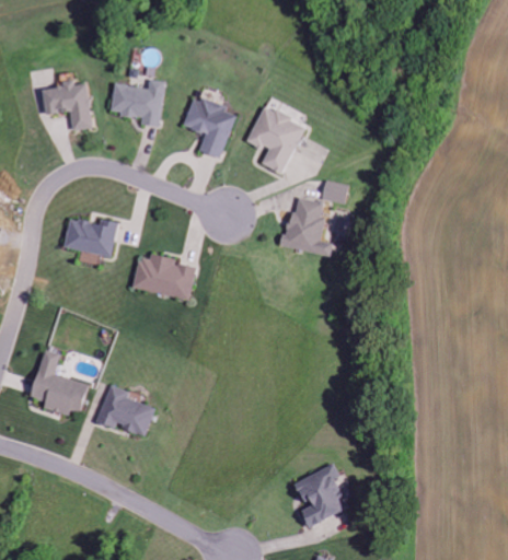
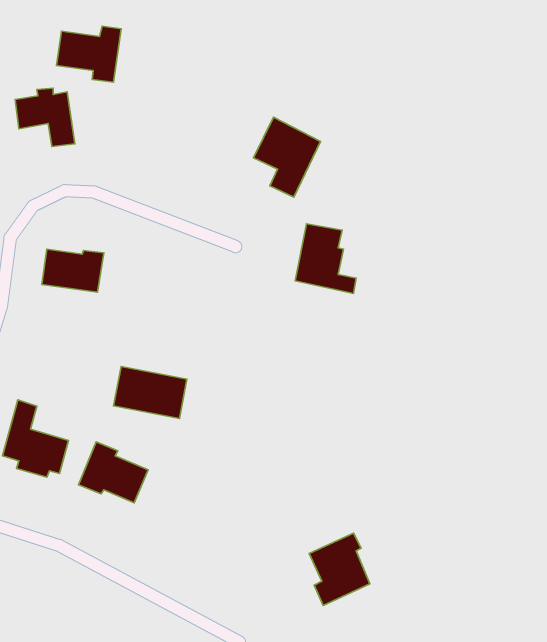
building: [109,79,165,127] -> [57,26,121,82]
building: [182,97,235,159] -> none
building: [320,179,348,205] -> none
building: [132,255,196,300] -> [113,367,187,418]

